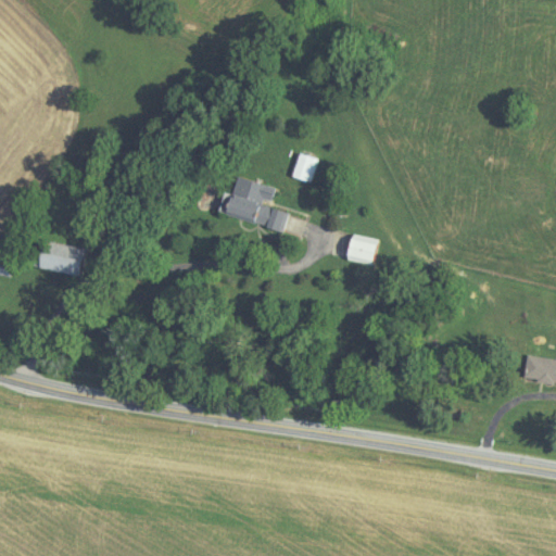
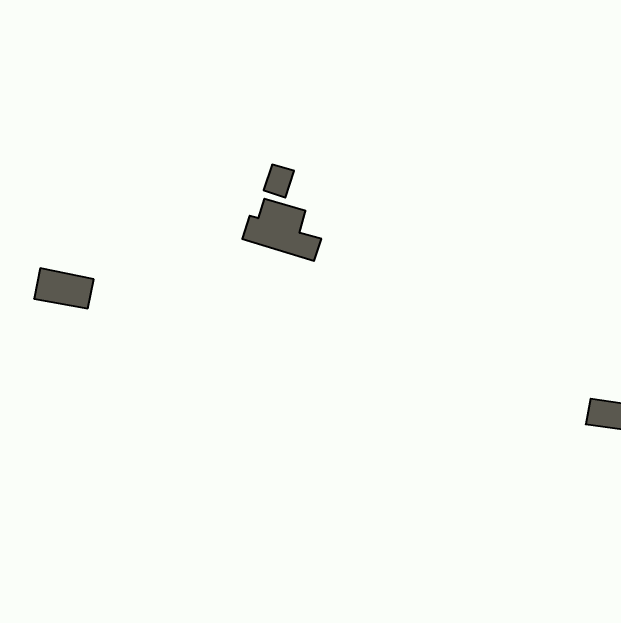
building: [291,153,318,182] -> [264,165,294,198]
building: [345,233,377,265] -> none

